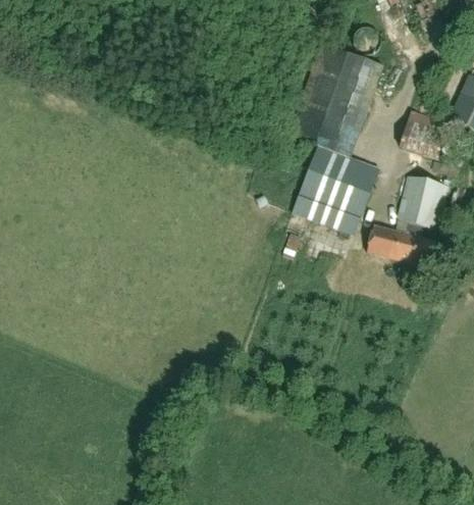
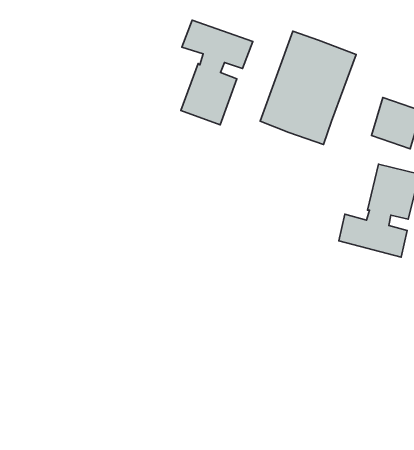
building: none -> [181,20,253,125]
building: [291,143,380,236] -> none

